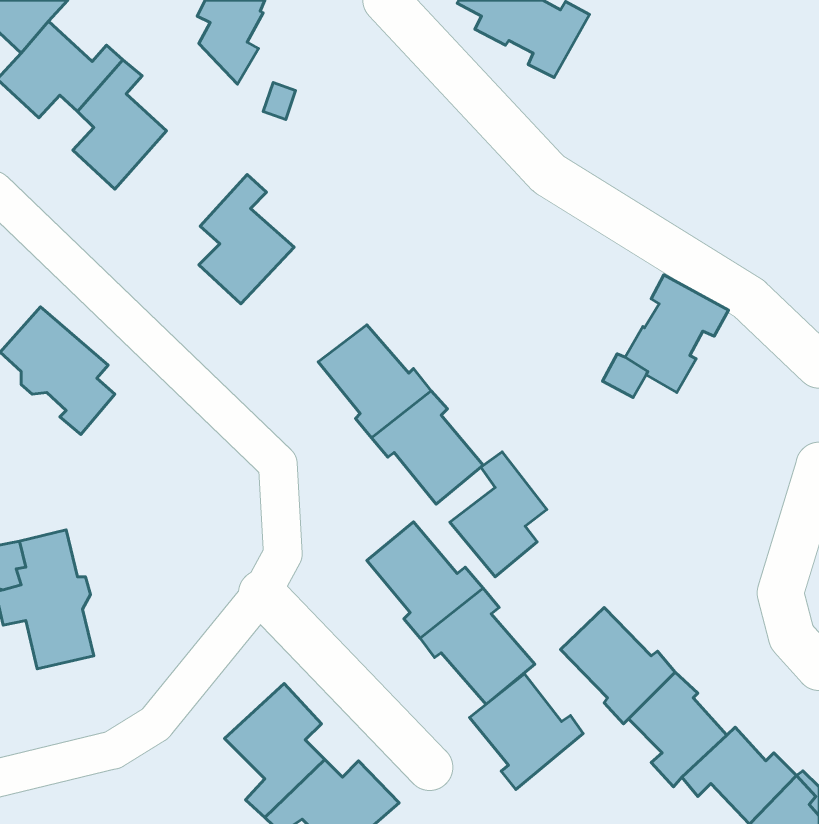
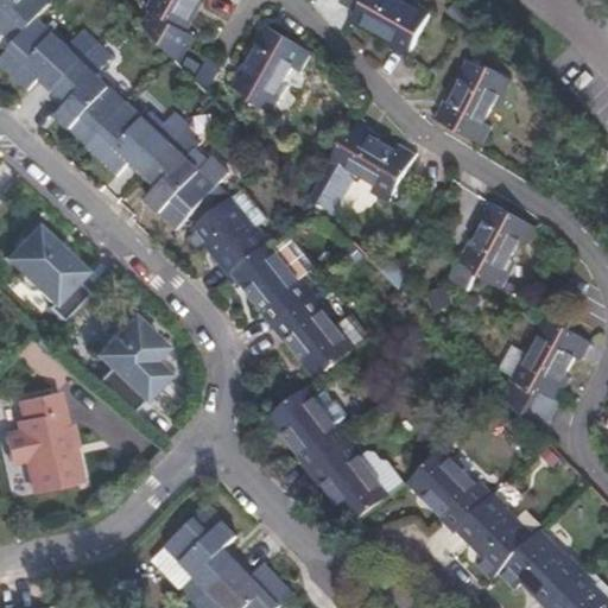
building: none -> [232,27,308,114]
building: none -> [432,64,511,147]
building: none -> [84,97,182,170]
building: none -> [308,128,413,220]
building: none -> [183,197,270,271]
building: none -> [91,315,162,412]
building: none -> [495,316,588,438]
building: [450,452,547,577] -> none
building: [470,674,583,790] -> none

